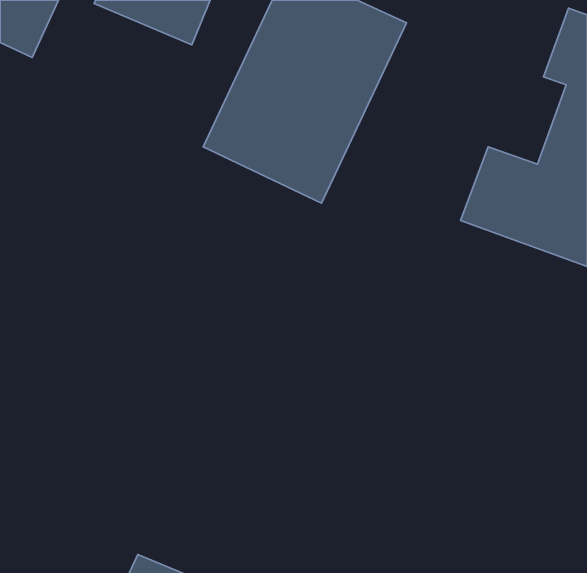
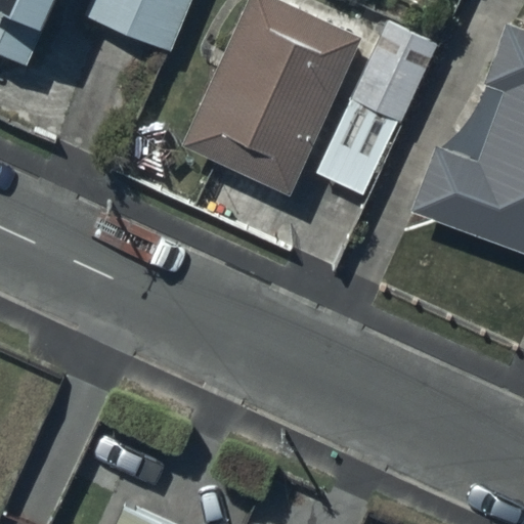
building: none -> [315,20,439,198]

